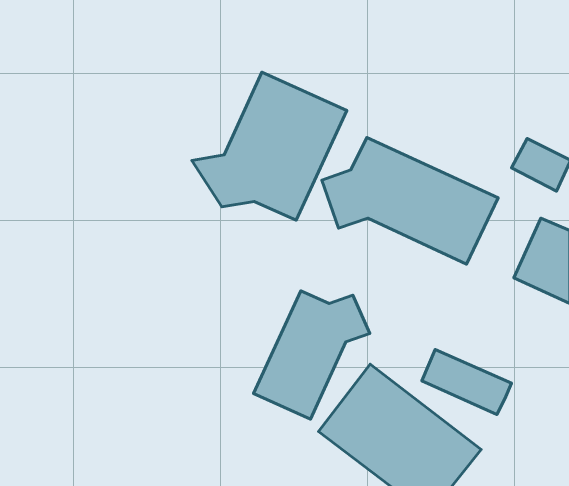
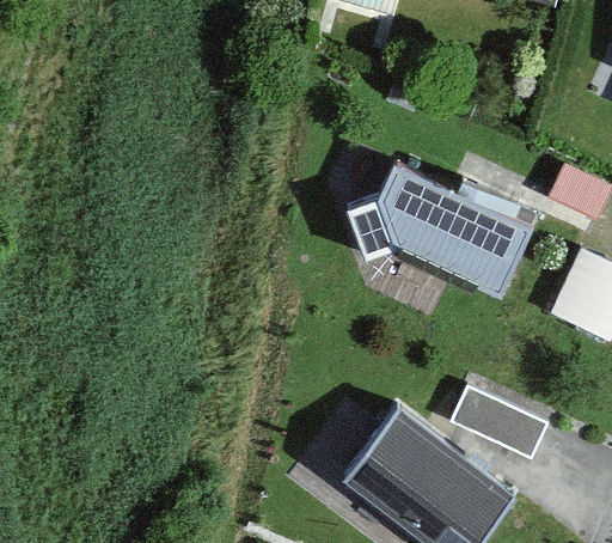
building: [192,72,347,220] -> none
building: [253,291,370,419] -> none

